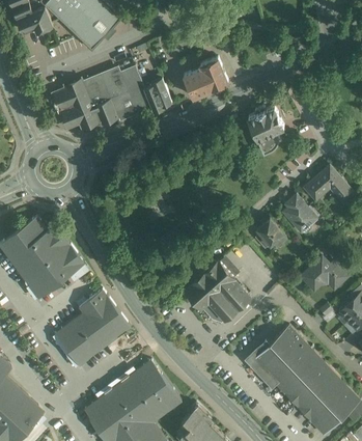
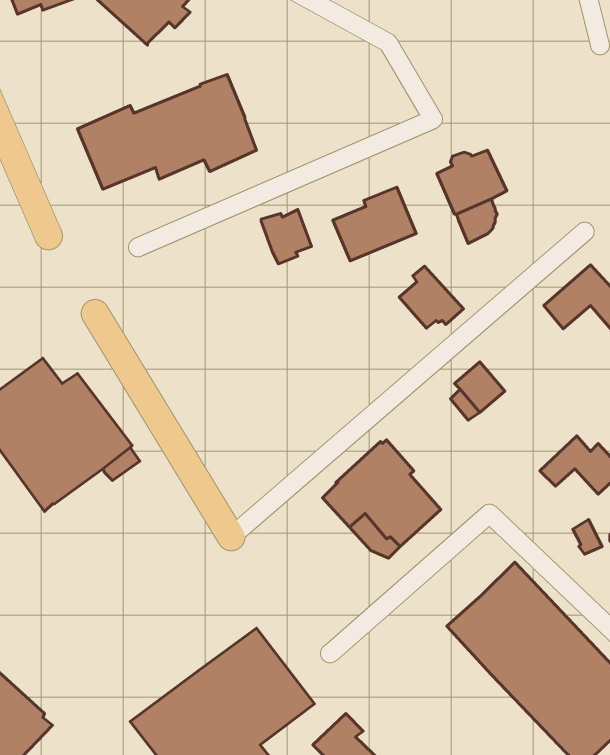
building: [184,57,228,97] -> [333,187,416,261]
building: [144,82,171,111] -> [261,210,312,264]
building: [282,195,316,228] -> [399,266,463,328]
building: [54,290,130,365] -> none
building: [244,338,276,389] -> none

